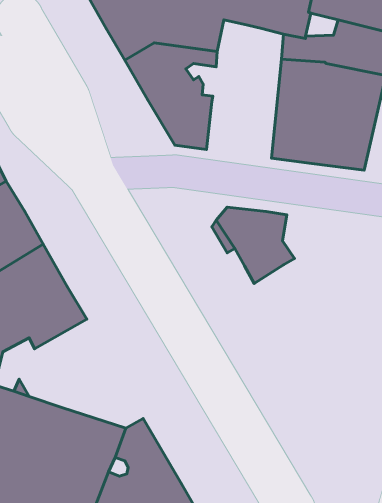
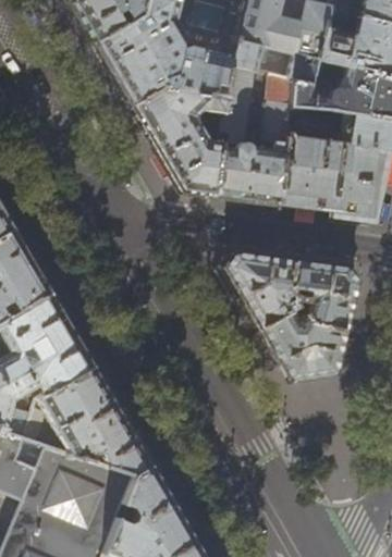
building: none -> [213,65,291,203]
building: none -> [261,260,357,379]
building: none -> [36,364,150,473]

